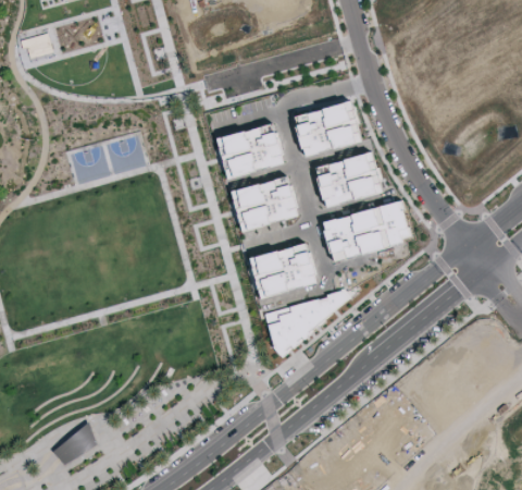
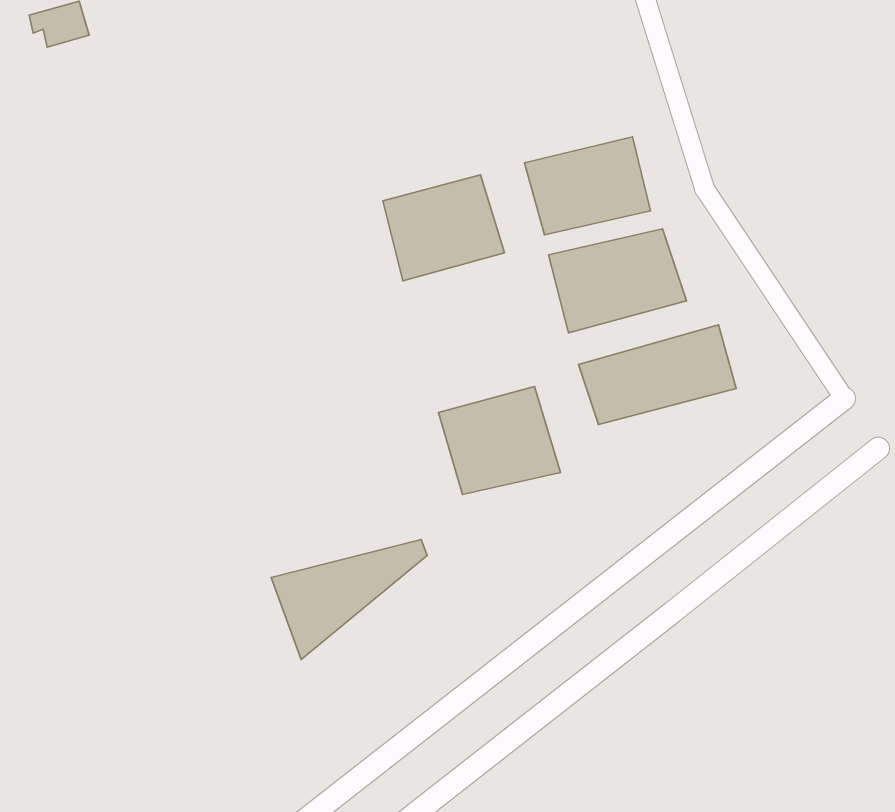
building: [232,177,295,232] -> none
building: [264,292,349,357] -> [271,540,427,659]
building: [54,422,99,462] -> none

